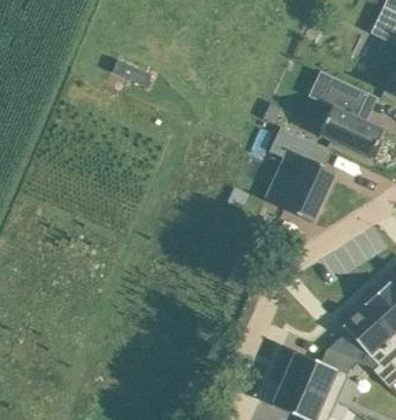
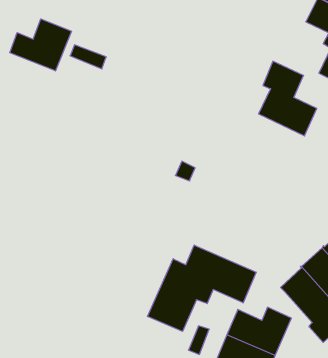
building: none -> [10,19,71,71]
building: [269,126,334,221] -> none
building: none -> [148,245,256,331]

